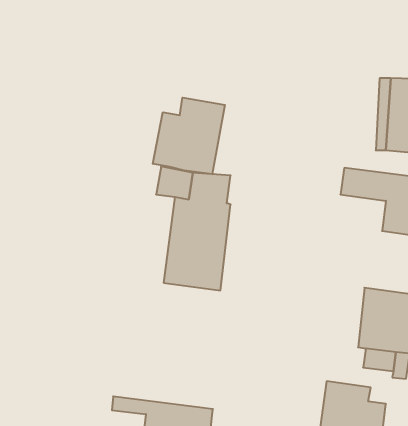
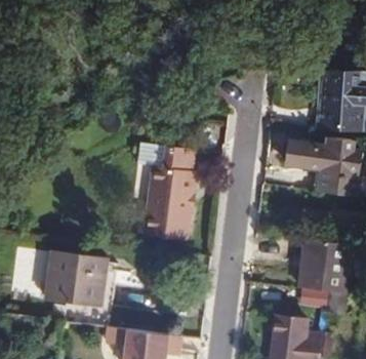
building: [153,98,225,174] -> none
building: none -> [46,250,109,307]

